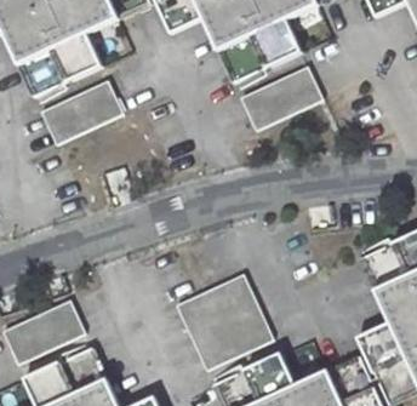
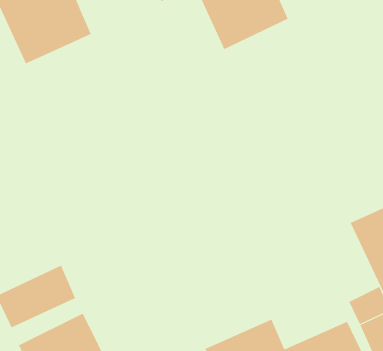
building: [240,65,322,131] -> none
building: [40,81,122,144] -> none
building: [176,274,273,368] -> none

